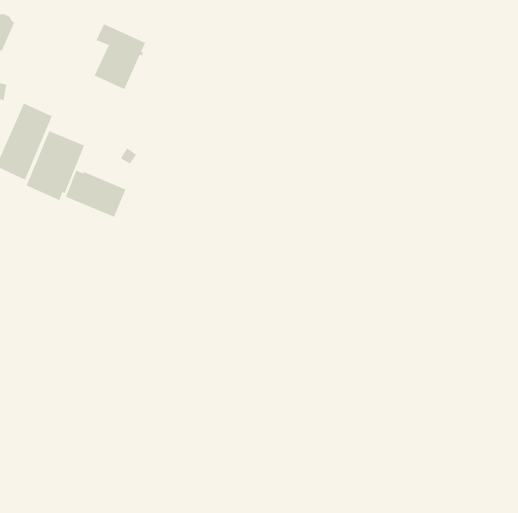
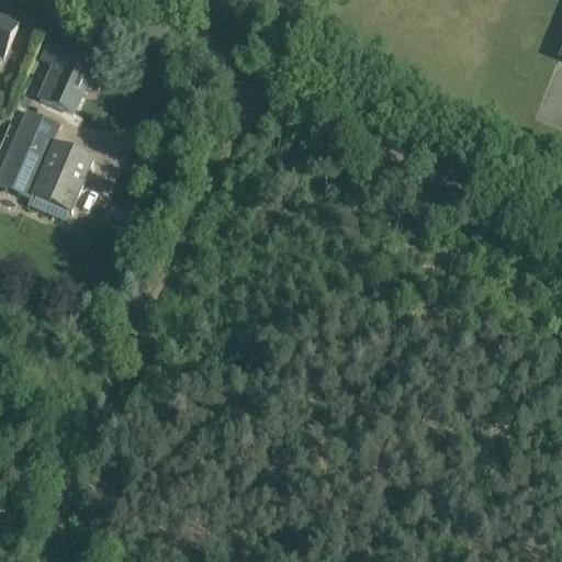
building: [93,23,146,90] -> [38,38,95,111]
building: [65,169,127,218] -> none

